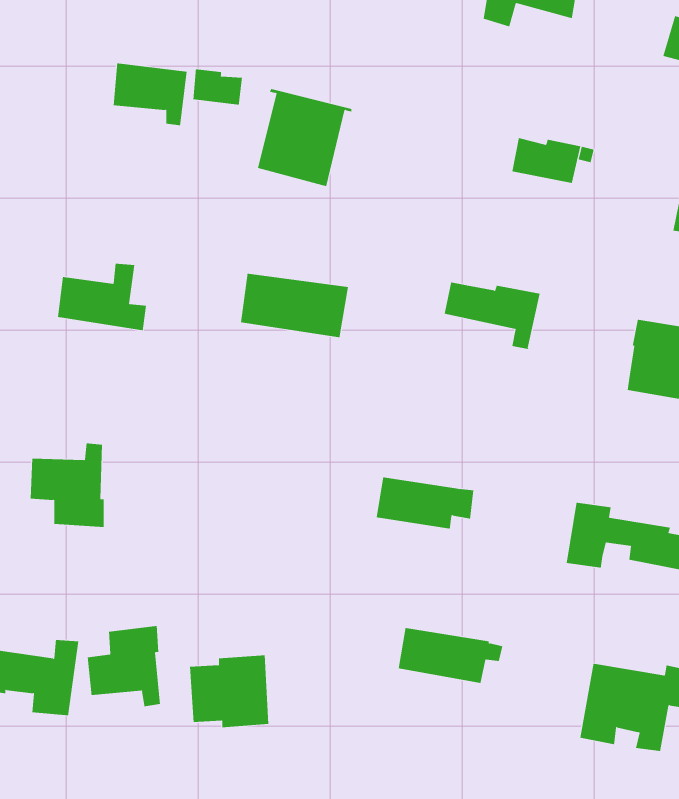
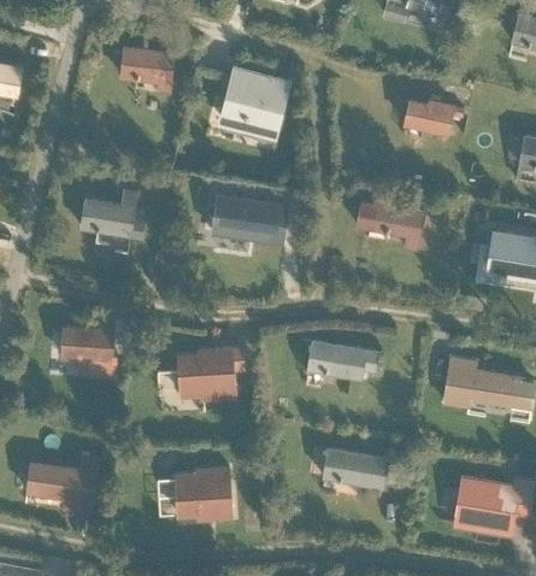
building: [193,68,242,105] -> none
building: none -> [178,349,242,401]
building: [87,625,160,707] -> none

